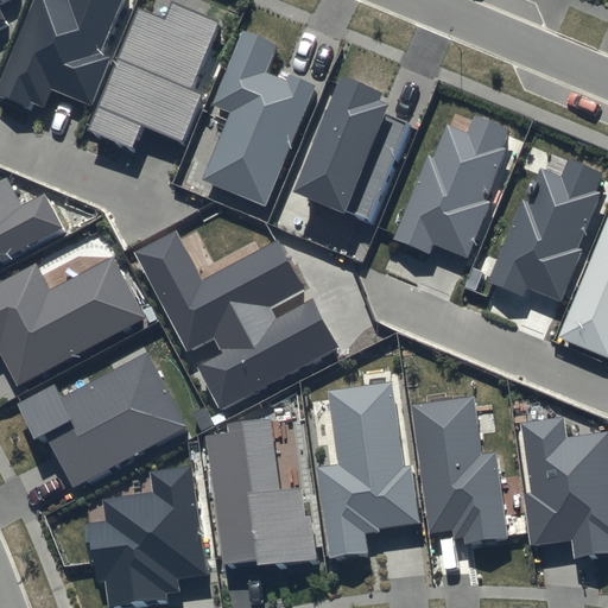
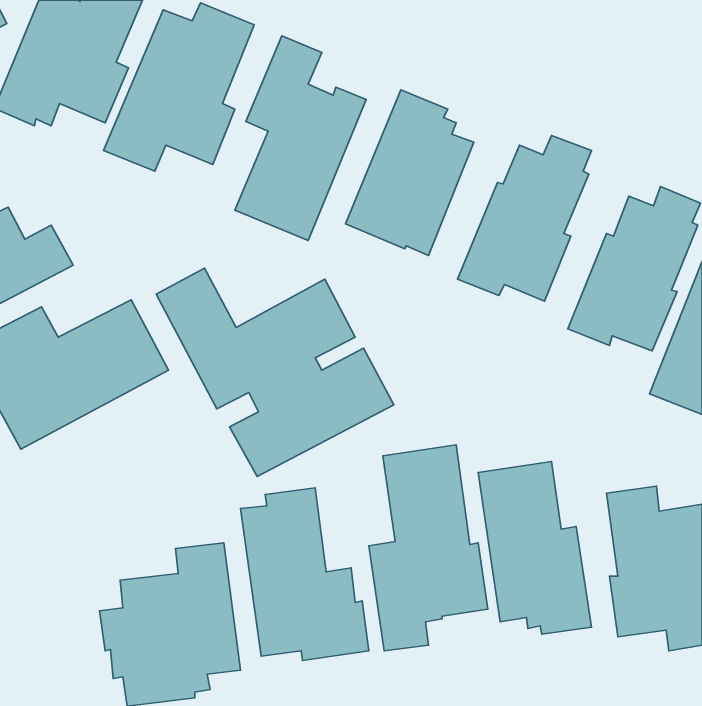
building: [18,353,189,488] -> none

